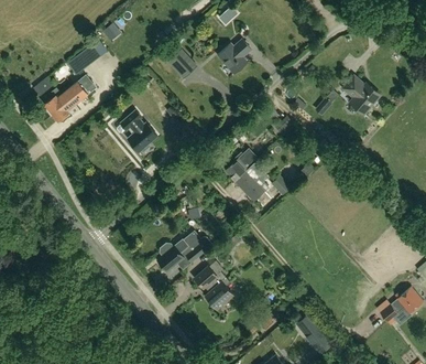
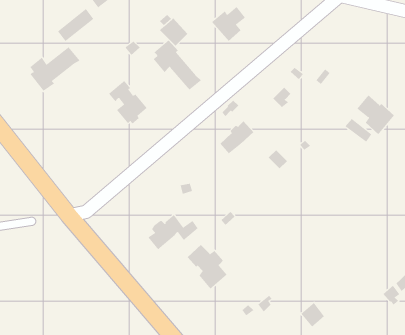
building: none -> [153,40,202,91]
building: [343,76,380,115] -> [357,95,395,135]
building: [234,171,264,202] -> none

